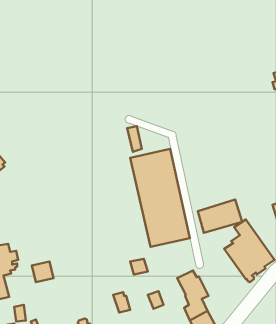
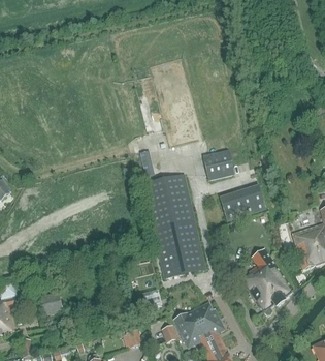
building: none -> [202,150,234,180]
building: [198,199,242,233] -> [220,185,266,220]
building: none -> [173,310,204,348]

